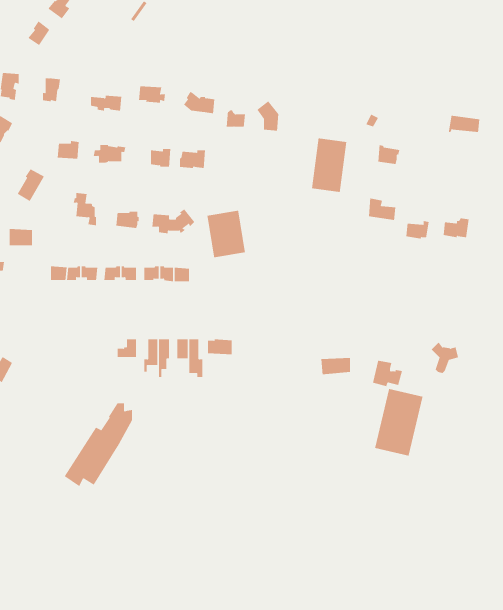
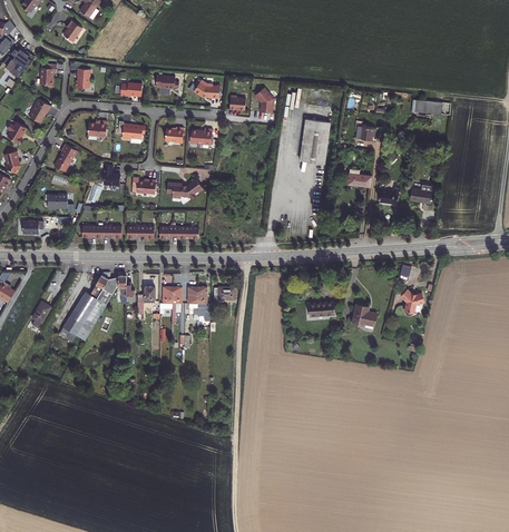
building: [207,210,246,258] -> none
building: [375,388,423,456] -> none
building: [64,403,133,487] -> [58,272,116,342]

